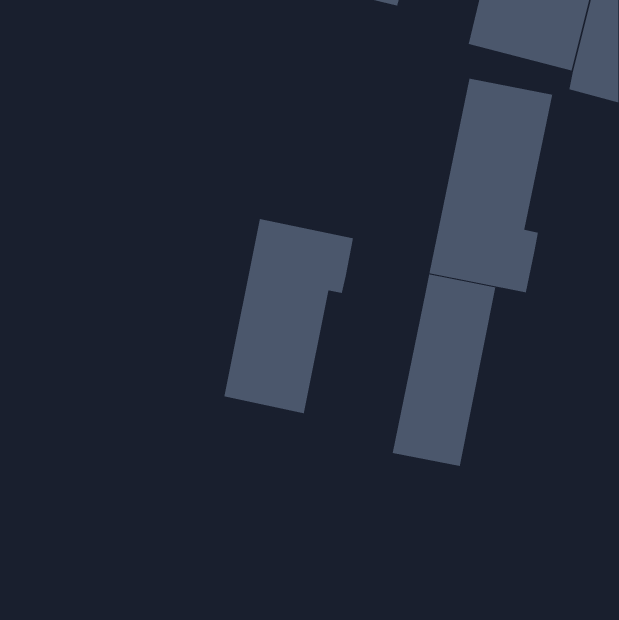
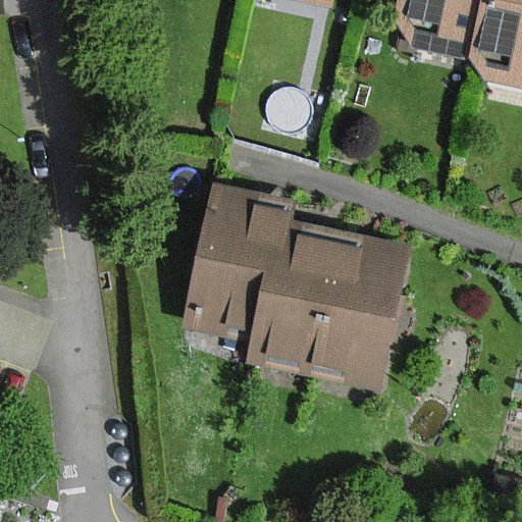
building: [429,78,553,293] -> none
building: none -> [250,229,353,376]

